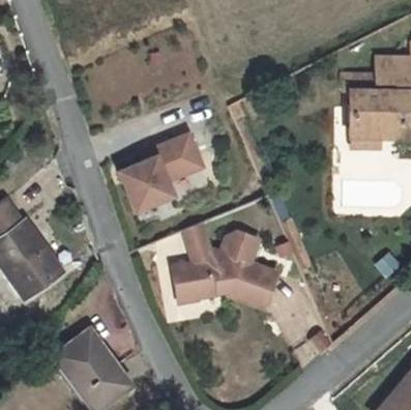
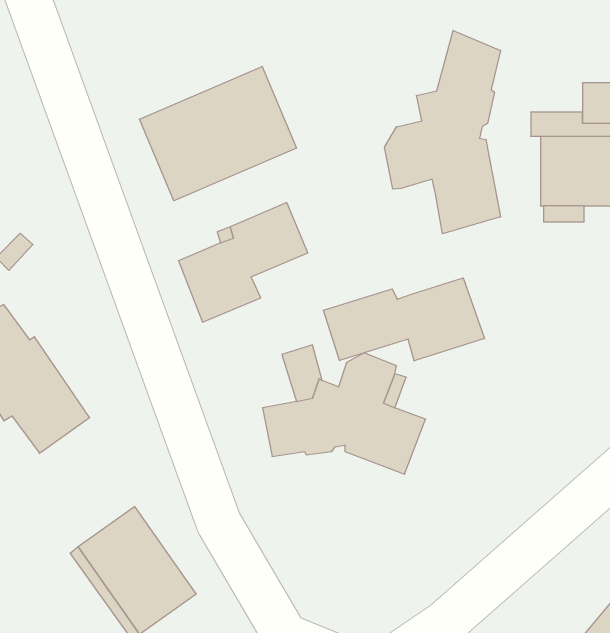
building: none -> [384,30,501,234]
building: none -> [139,66,296,201]
building: none -> [323,278,484,361]

